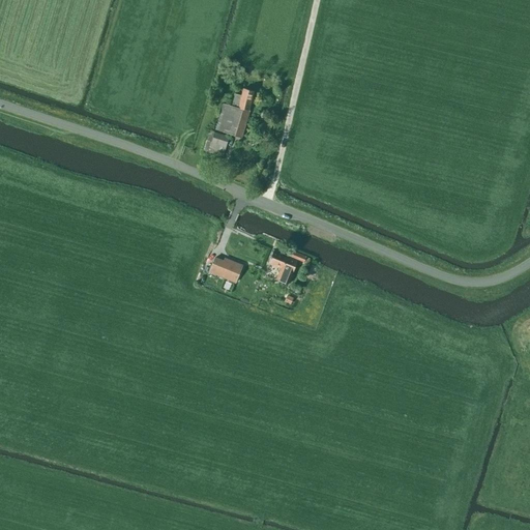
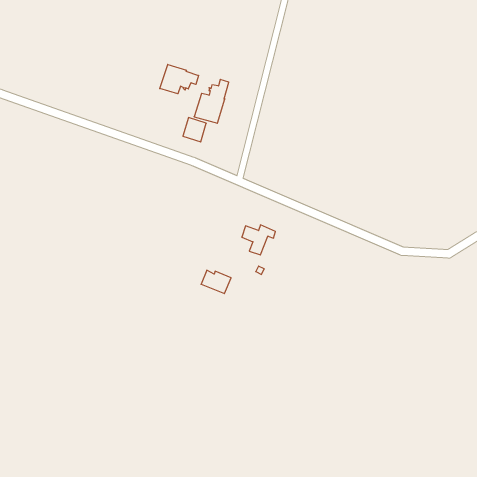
building: none -> [160,64,199,94]
building: [209,257,242,283] -> [201,270,231,294]

